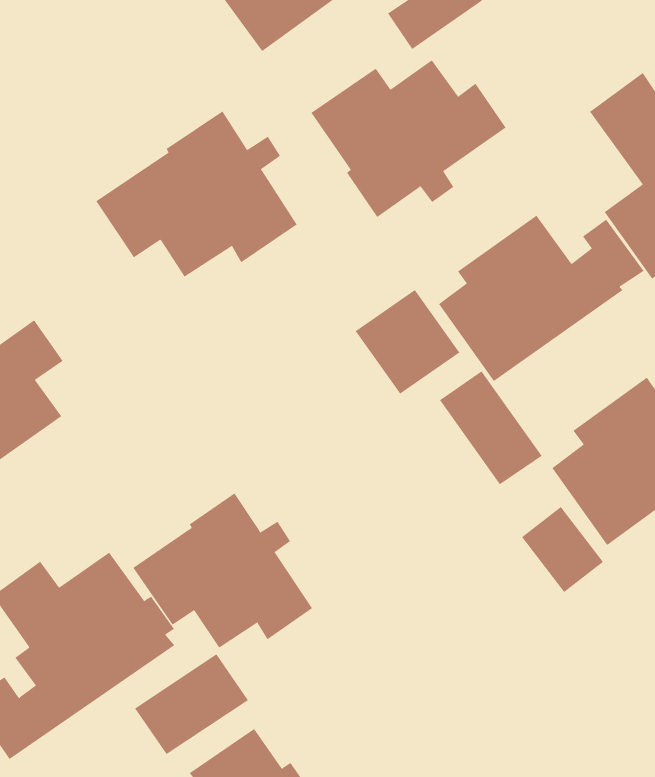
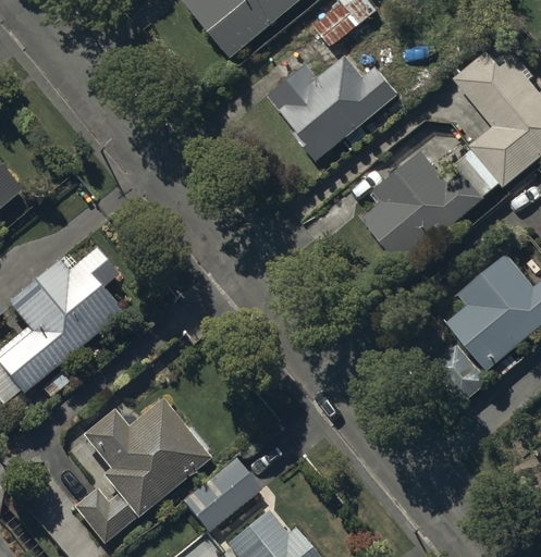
building: [95,110,298,278] -> none
building: [355,289,460,395] -> none
building: [439,371,542,485] -> none
building: [133,492,313,649] -> none

